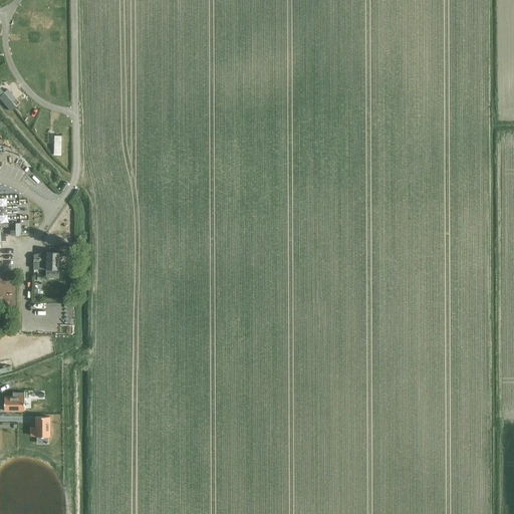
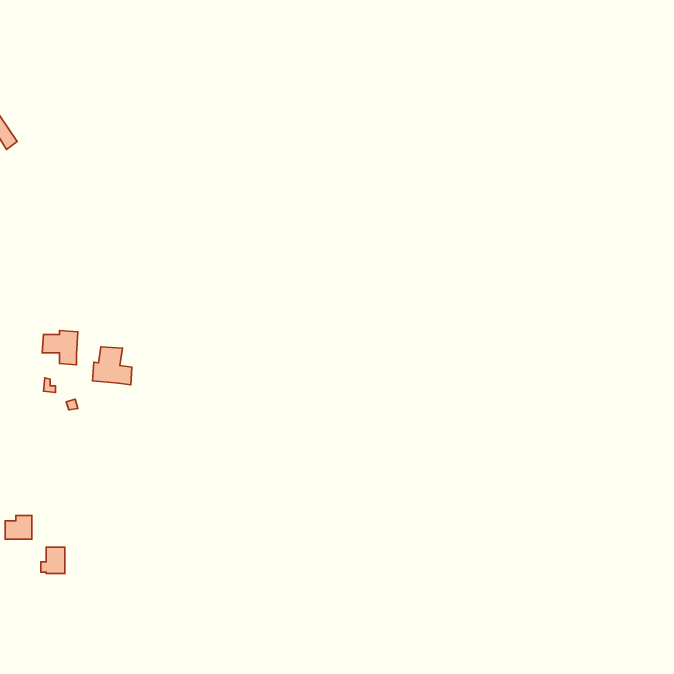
building: none -> [93,347,132,385]

